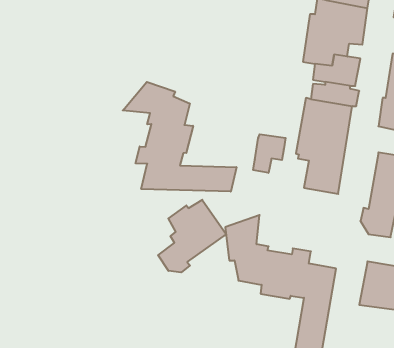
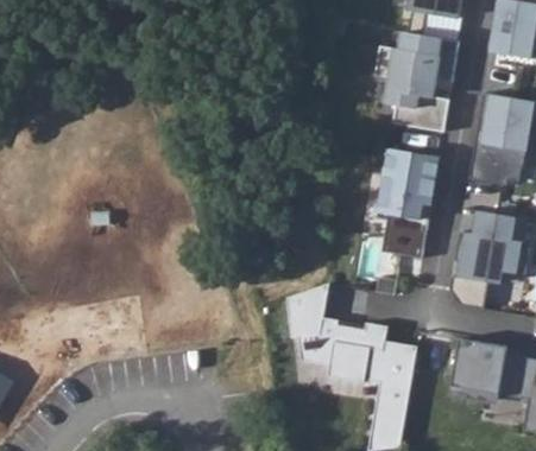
building: [123,82,236,192] -> none
building: [253,134,286,173] -> none
building: [158,200,226,272] -> none

